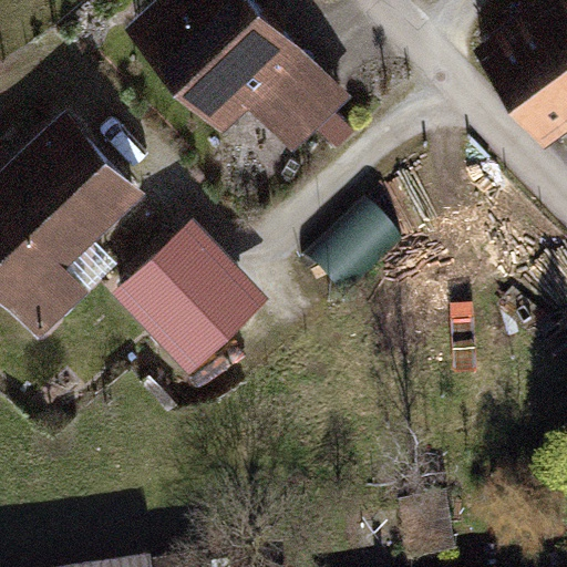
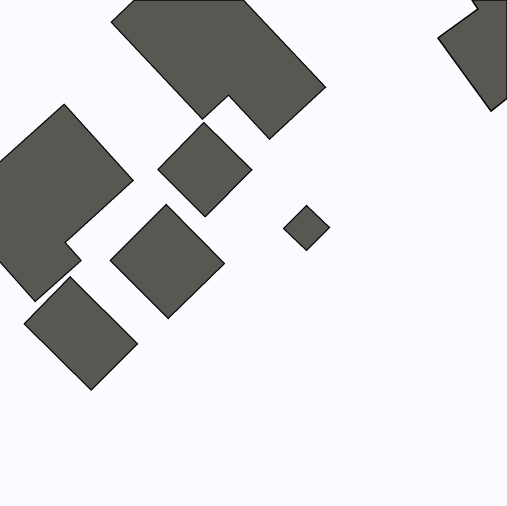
building: none -> [158,123,252,217]
building: none -> [24,277,138,390]

